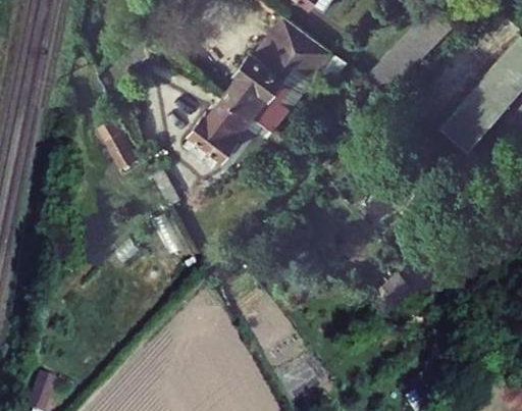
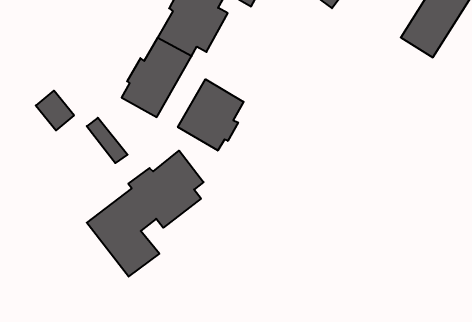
building: none -> [178,79,244,151]
building: none -> [87,151,204,277]

